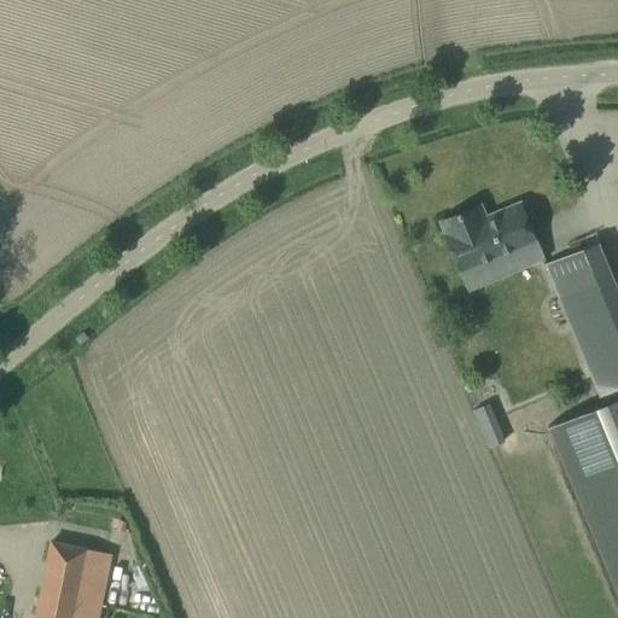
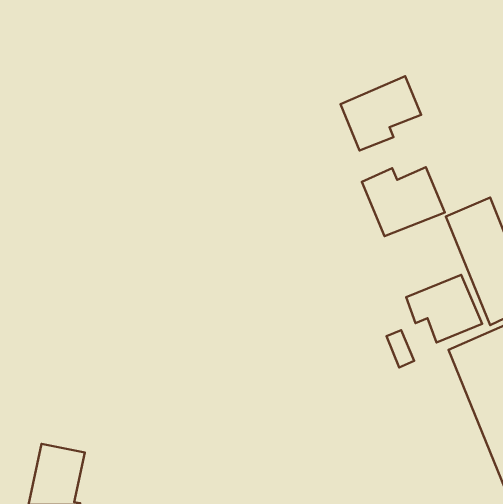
building: none -> [341,76,421,150]
building: none -> [406,275,482,342]

